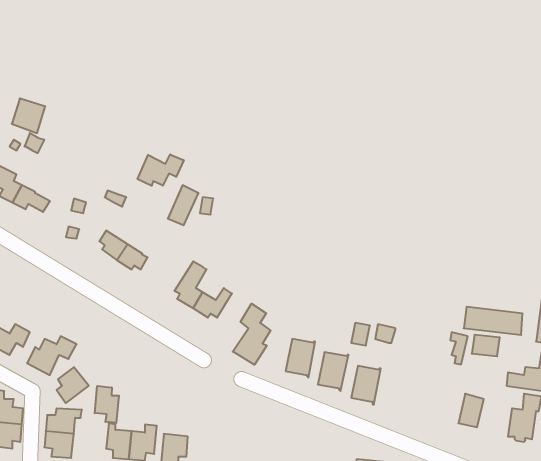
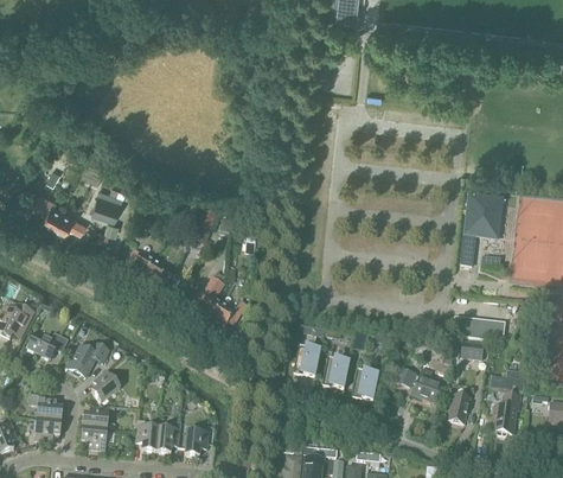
building: [12,98,45,133] -> [92,187,122,218]
building: [137,154,184,186] -> none
building: none -> [461,193,495,265]
building: [233,304,271,365] -> none
building: none -> [397,368,441,401]
building: [95,386,119,423] -> none

